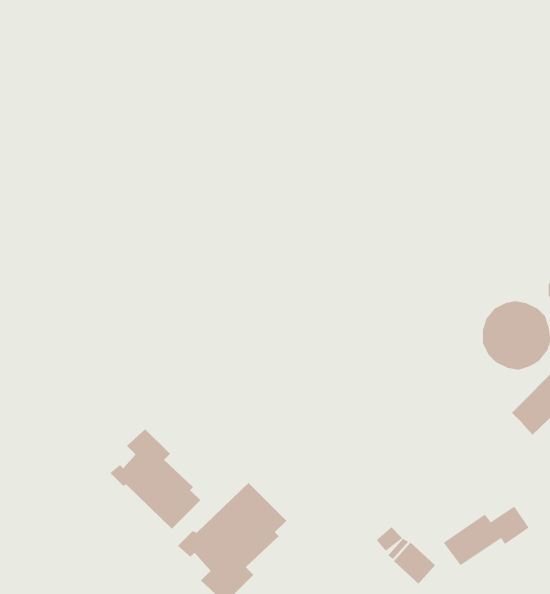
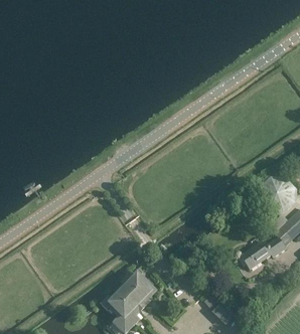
building: [109,428,201,529] -> none
building: [443,506,530,566] -> [239,236,284,268]

